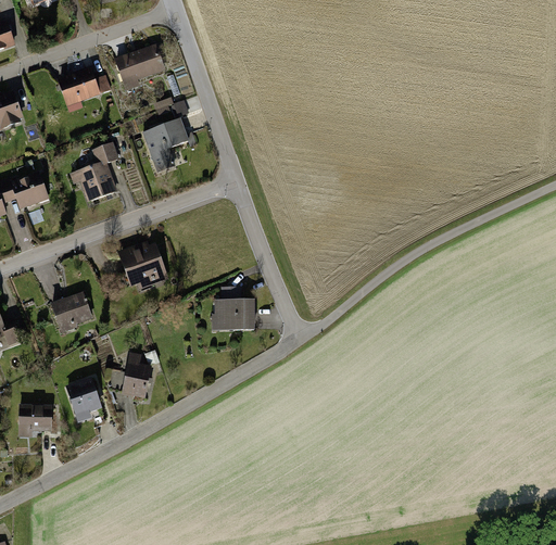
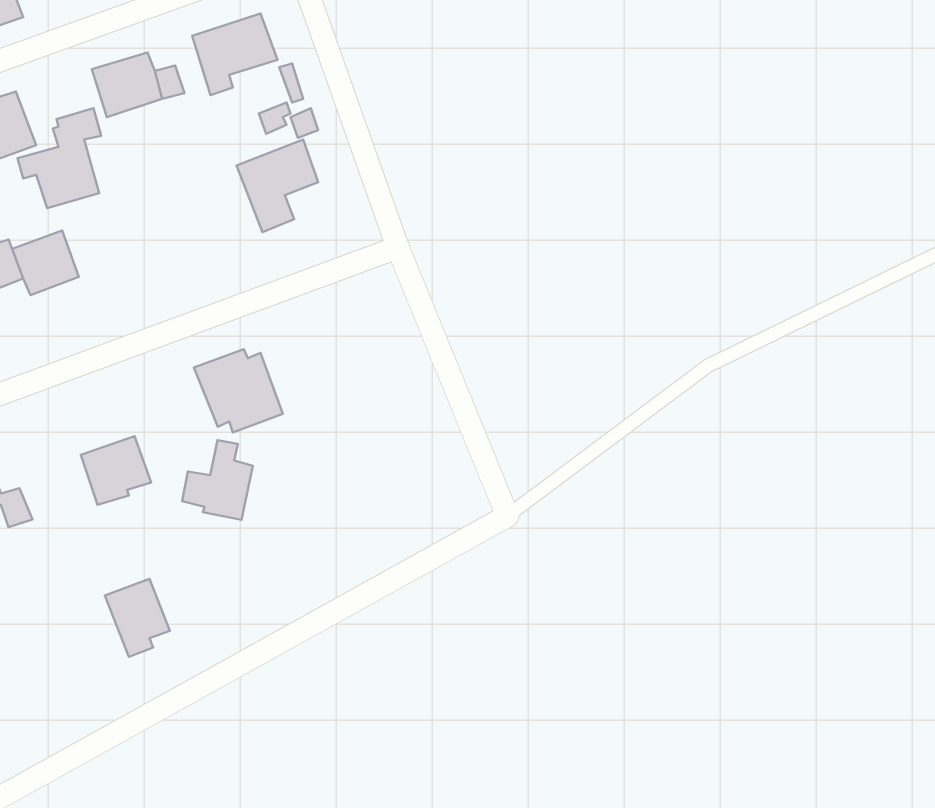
building: [70,143,118,202] -> [18,108,101,208]
building: [211,287,253,330] -> none
building: [109,351,150,397] -> [182,440,253,520]
building: [17,403,51,436] -> none

